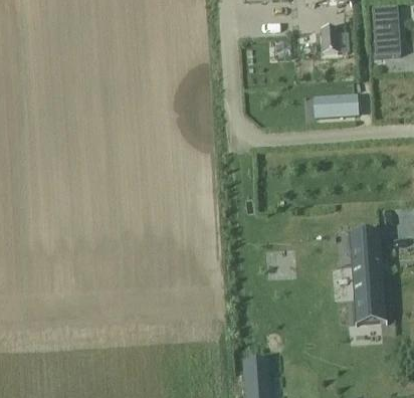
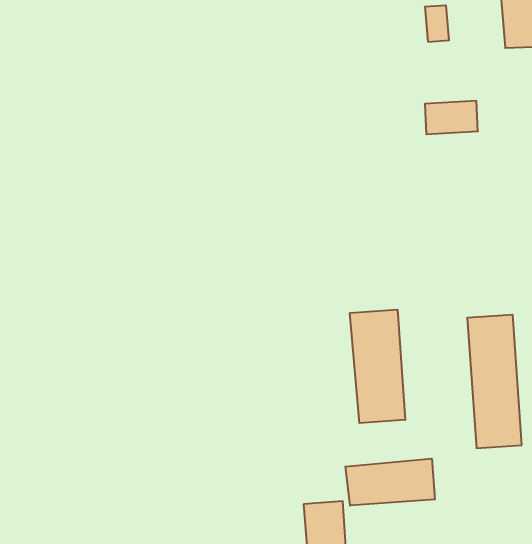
building: none -> [350,310,405,423]
building: none -> [345,459,435,506]

